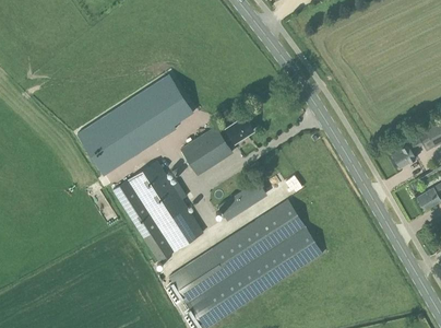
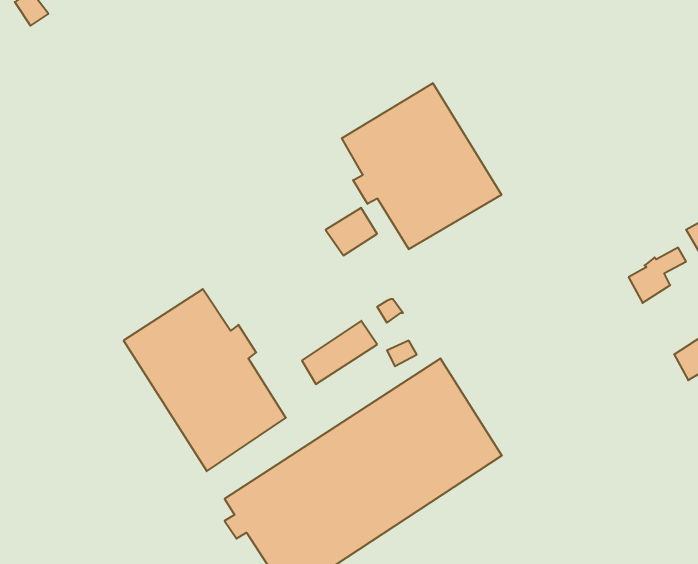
building: none -> [342,83,501,249]
building: [76,75,193,176] -> none
building: [181,127,233,175] -> none

